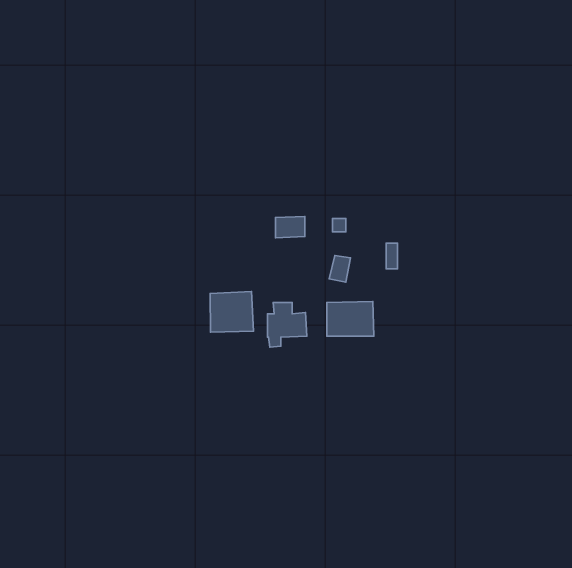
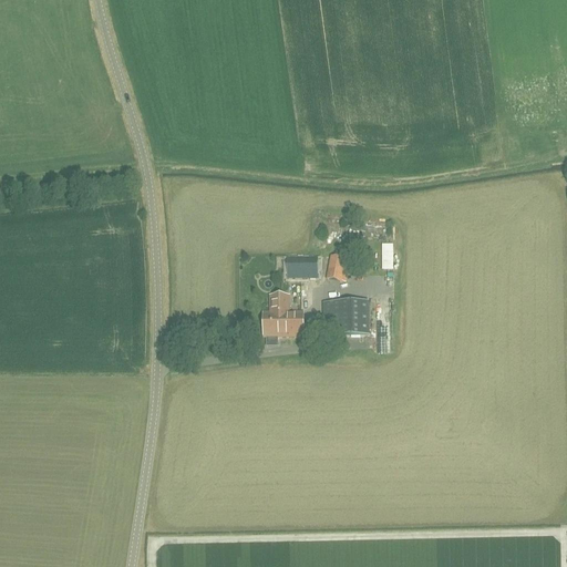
building: [276,216,305,238] -> [288,255,317,276]
building: [210,291,254,332] -> none

